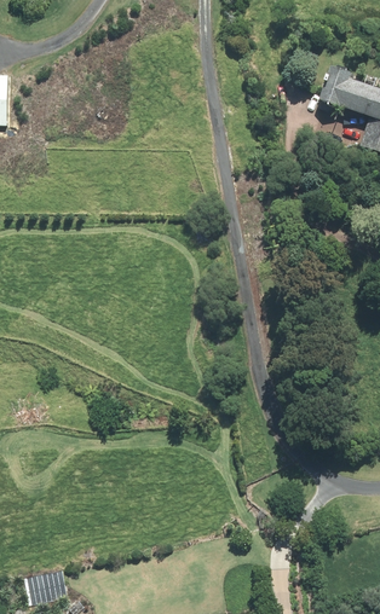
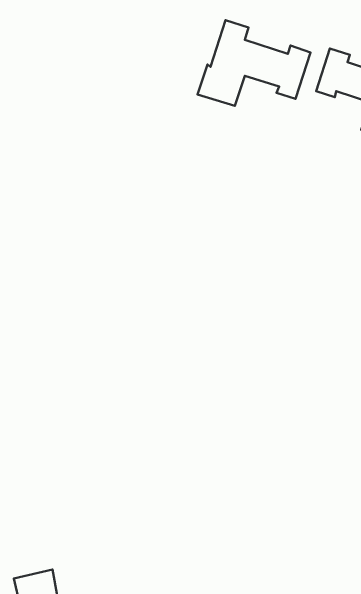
building: none -> [198,20,311,106]

